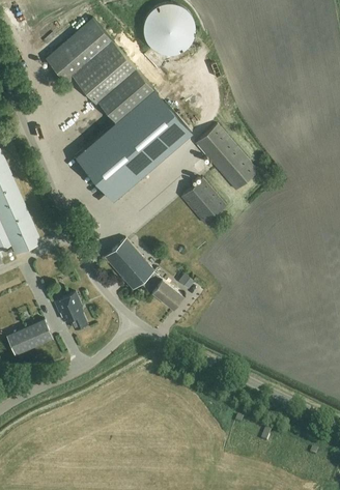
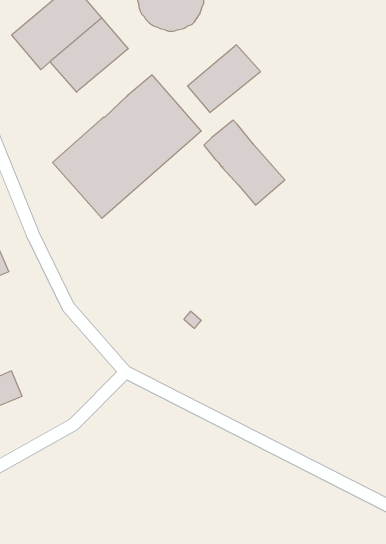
building: [97,68,154,121] -> [187,45,260,113]
building: [181,178,227,225] -> none
building: [106,240,182,308] -> none
building: [54,294,87,328] -> none

